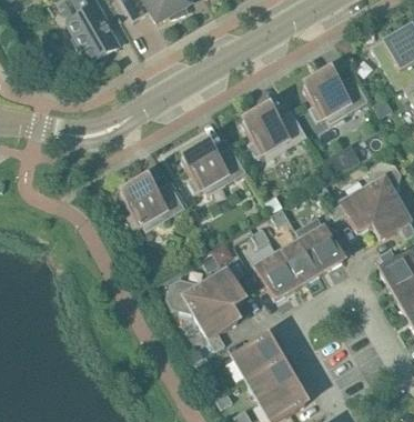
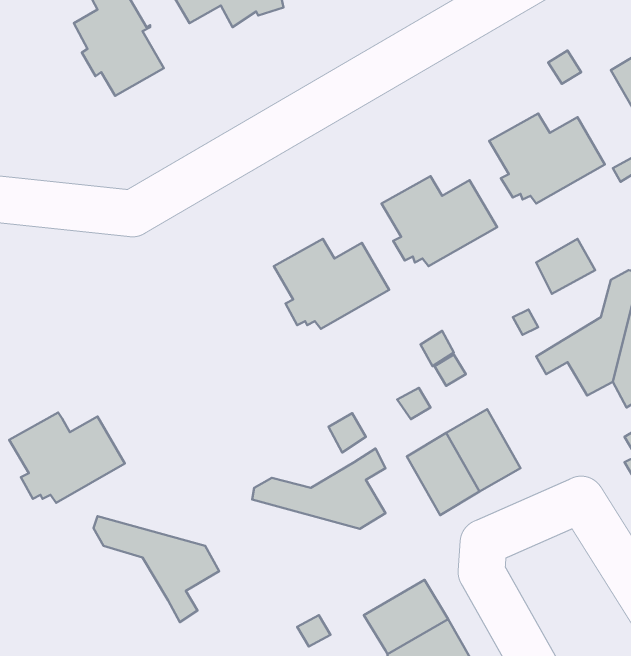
building: [120,177,185,228] -> [9,413,125,503]
building: [296,215,350,271] -> none
building: [166,289,238,349] -> [94,516,219,622]

